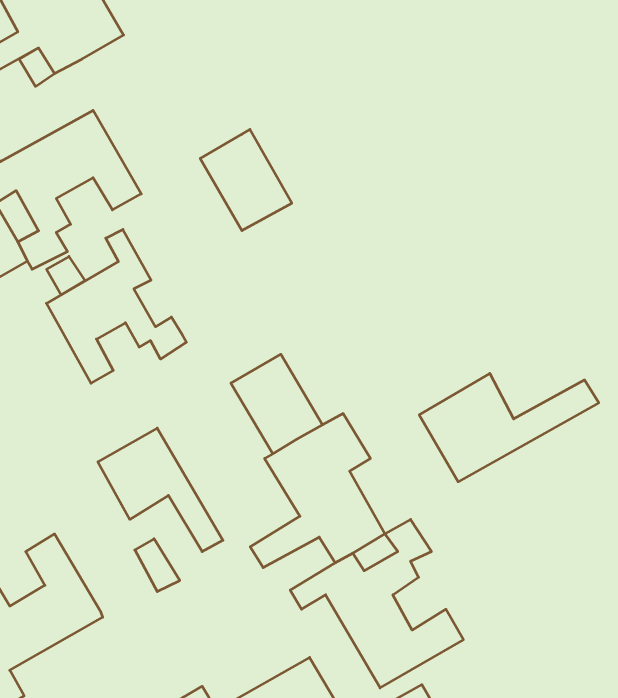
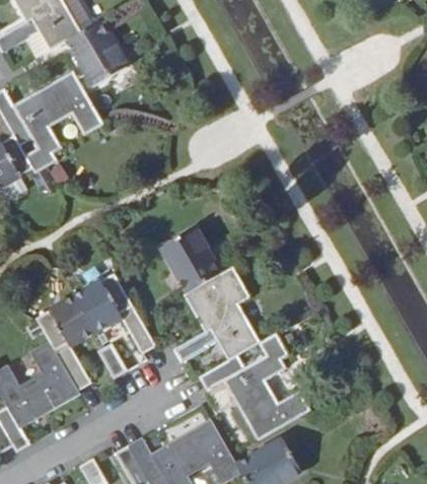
building: [200,129,292,231] -> [66,22,124,86]
building: [46,229,186,383] -> none
building: [419,373,599,482] -> none
building: none -> [37,295,96,391]

